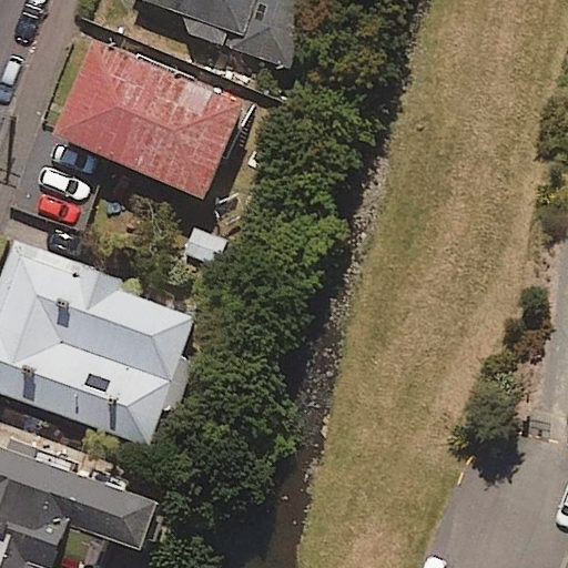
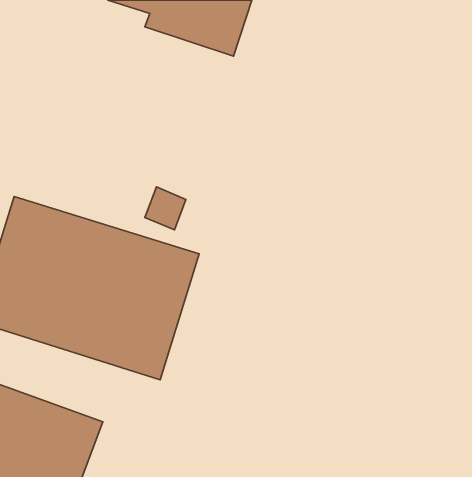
building: [60,39,267,203] -> none

